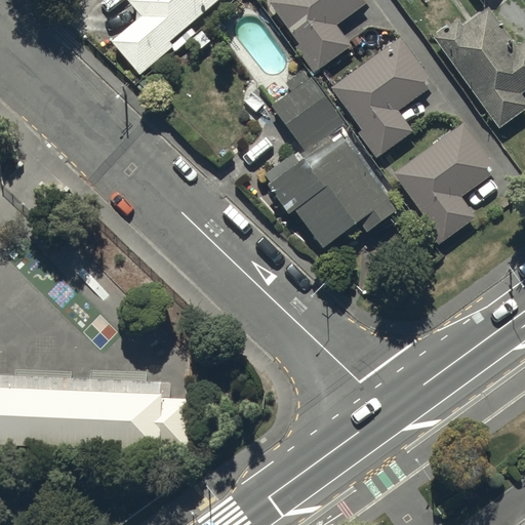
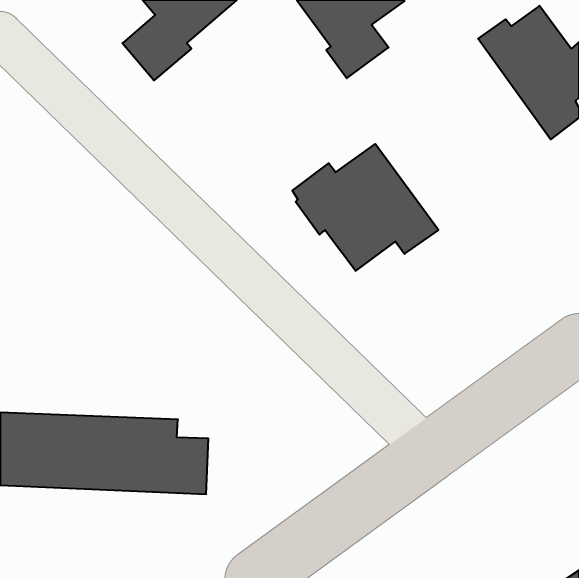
building: [330,37,430,158] -> none
building: [272,71,345,151] -> none
building: [394,123,492,244] -> none

